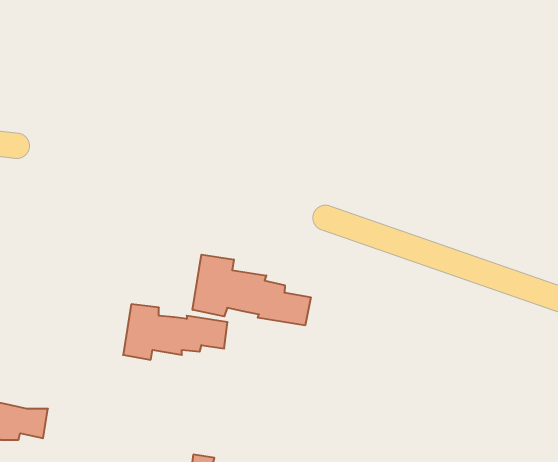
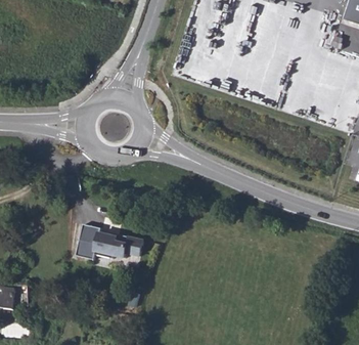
building: [193,255,311,325] -> none

